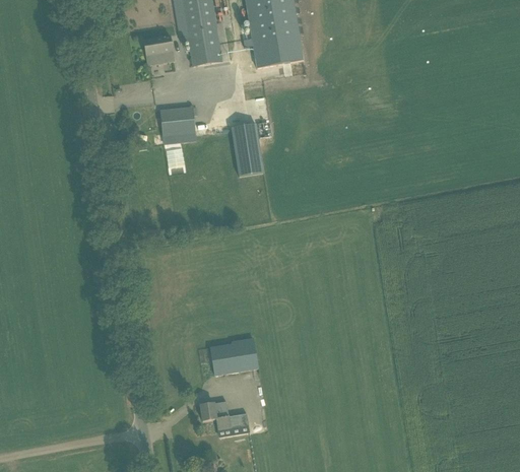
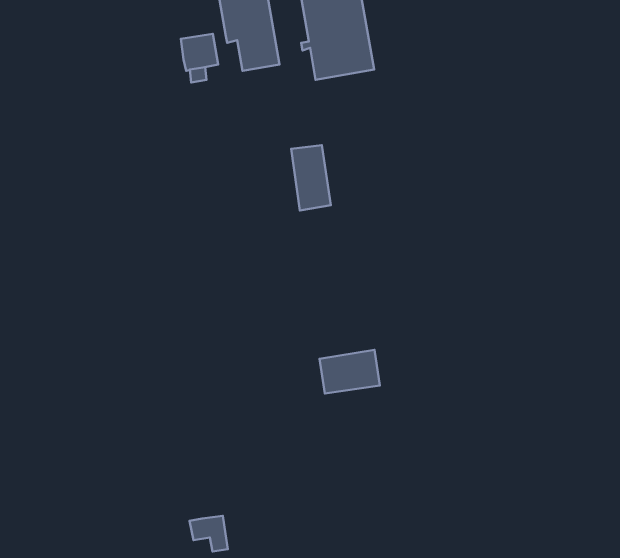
building: [160,106,197,142] -> none
building: [211,339,259,374] -> [320,350,380,393]
building: [201,400,232,428] -> [189,516,228,552]

